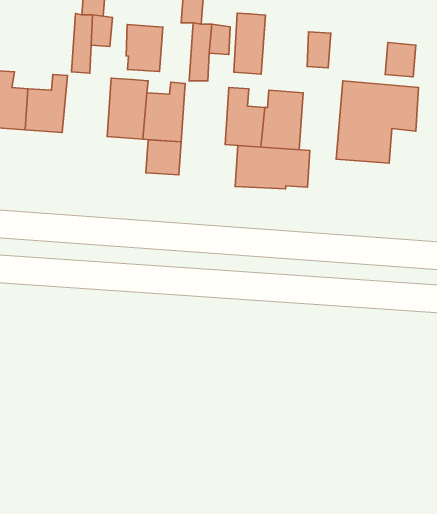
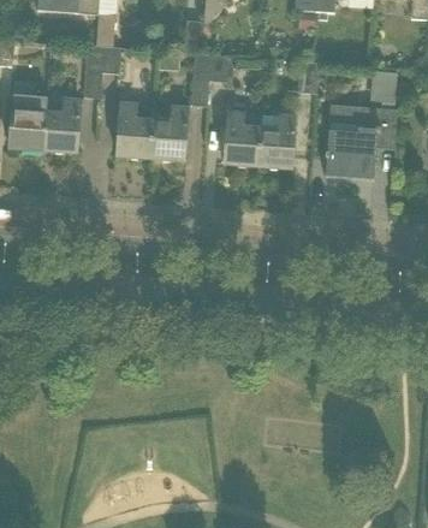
building: [234,13,265,74] -> none
building: [126,25,163,71] -> none
building: [146,140,181,175] -> none
building: [235,146,310,189] -> none

